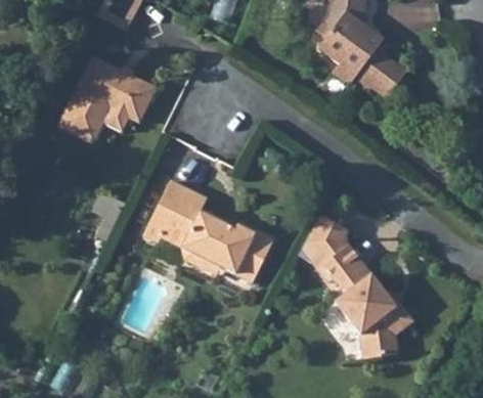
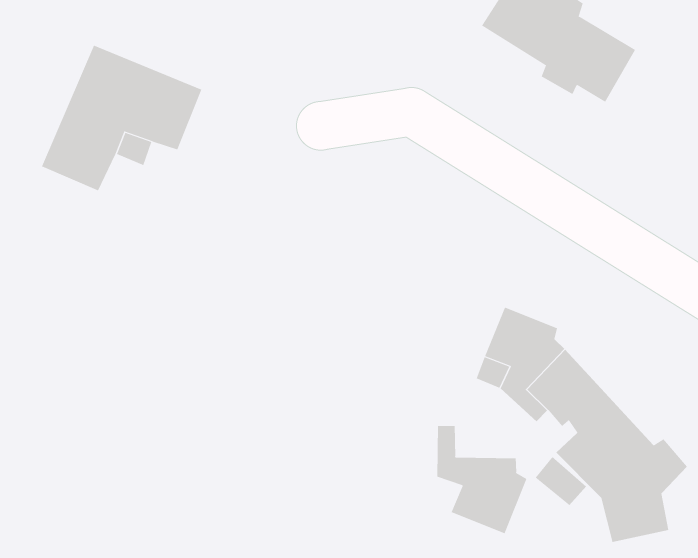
building: [149,179,270,281] -> none
building: none -> [437,425,527,534]

